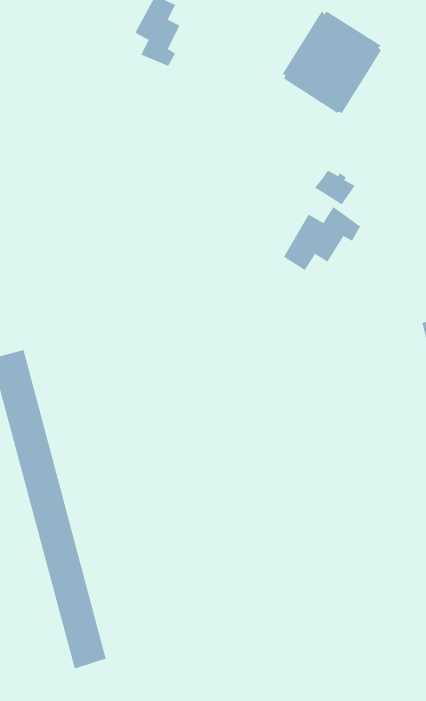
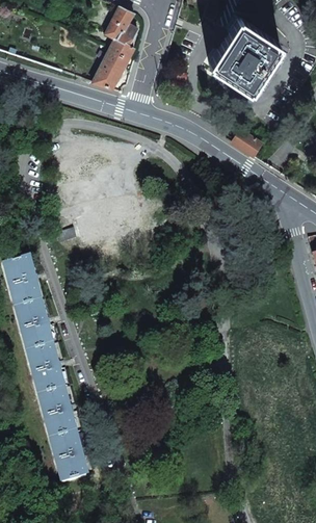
building: none -> [94,49,130,89]
building: [283,206,361,271] -> none

